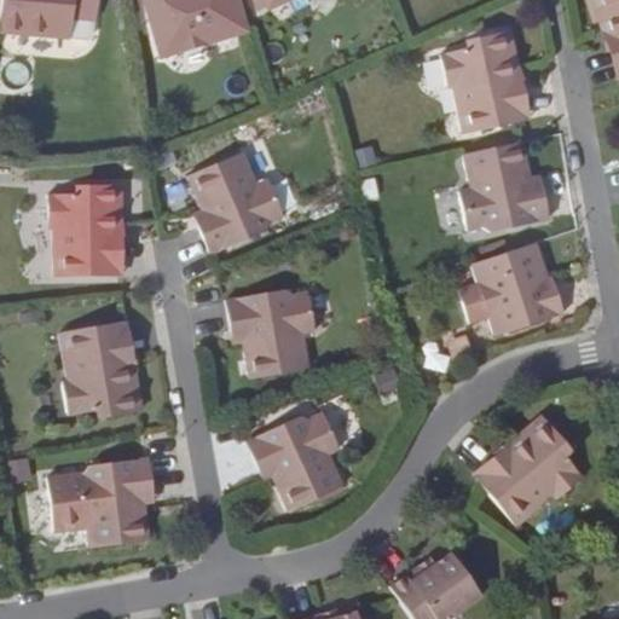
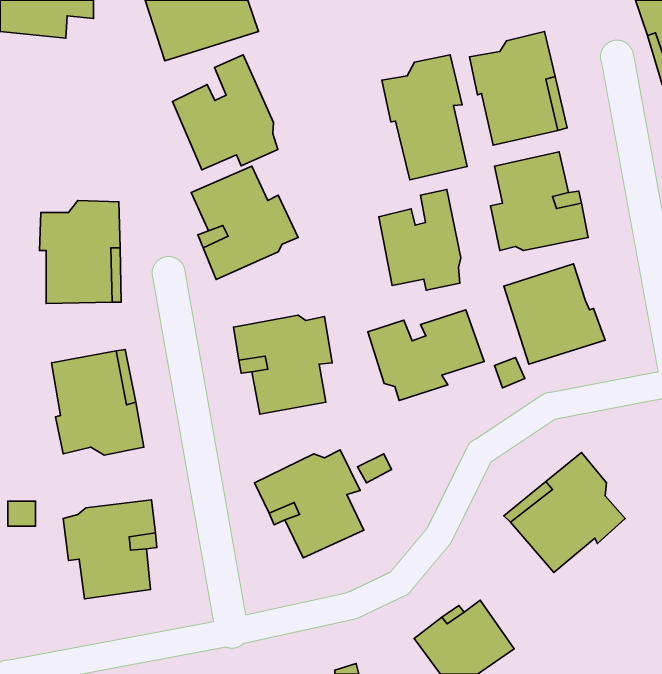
building: none -> [382,55,467,180]
building: none -> [172,55,278,170]
building: none -> [379,190,461,290]
building: none -> [368,310,484,401]

